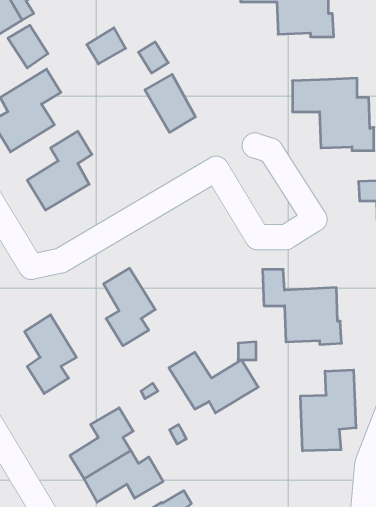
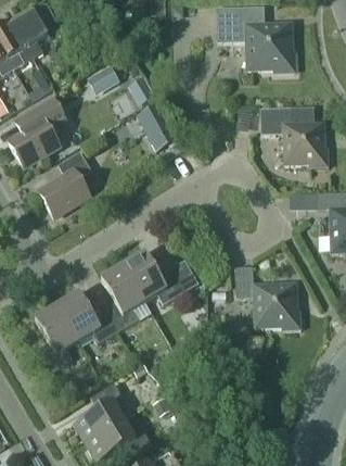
building: none -> [56,291,117,343]
building: [169,352,258,413] -> [123,252,197,303]
building: [301,370,356,451] -> none

